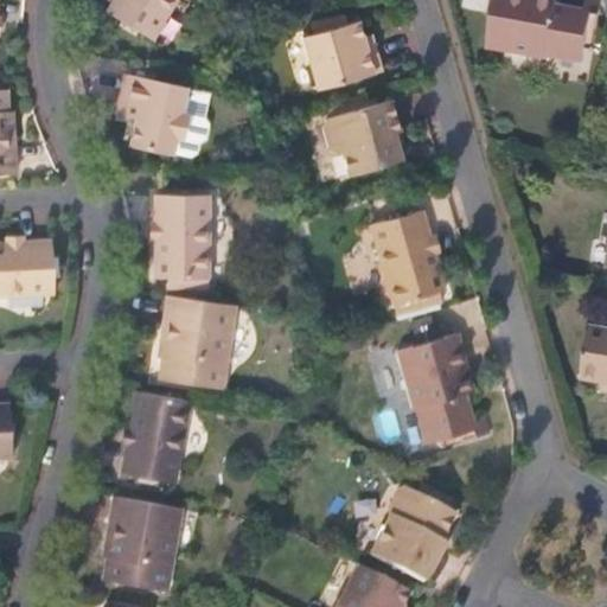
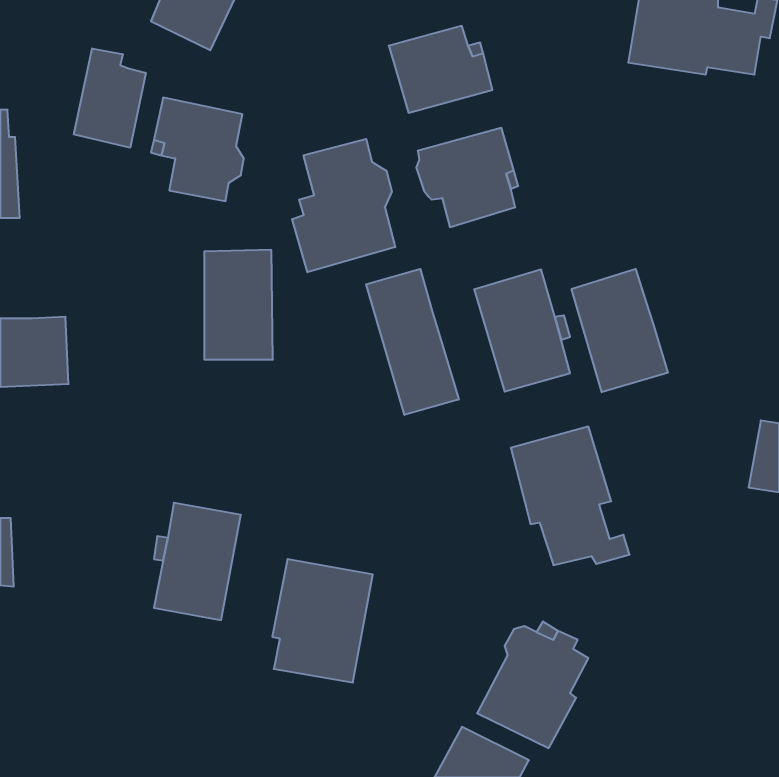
building: none -> [74,48,146,148]
building: none -> [292,139,395,272]
building: none -> [366,269,459,415]
building: none -> [572,269,668,392]
building: [160,298,237,390] -> none
building: [101,497,179,593] -> [272,559,373,683]

